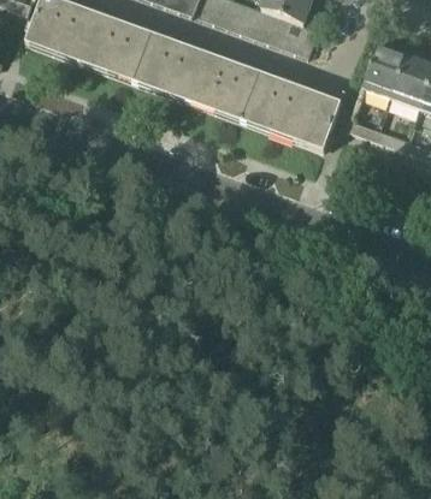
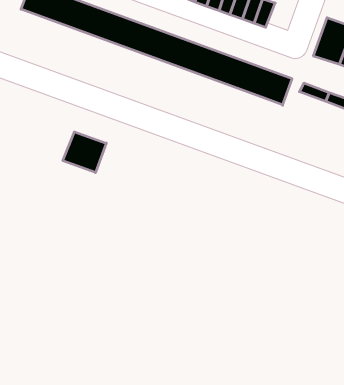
building: none -> [63,132,106,173]

